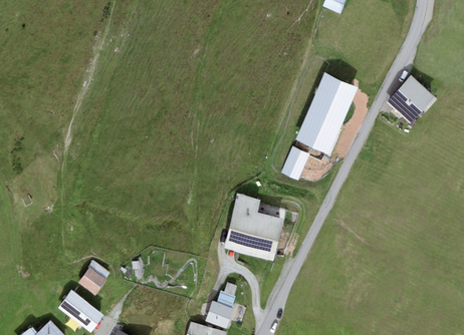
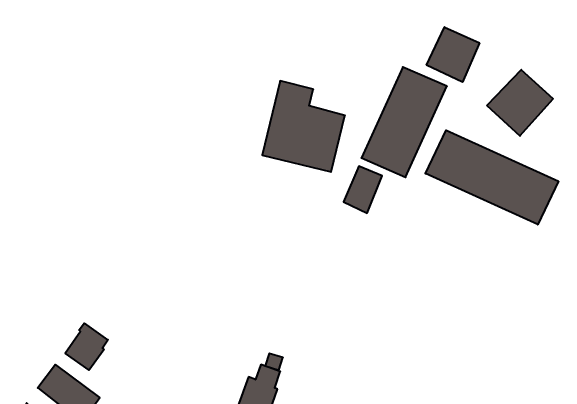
building: none -> [427,27,479,82]
building: none -> [425,130,558,225]
building: [224,194,284,260] -> [262,81,345,172]

